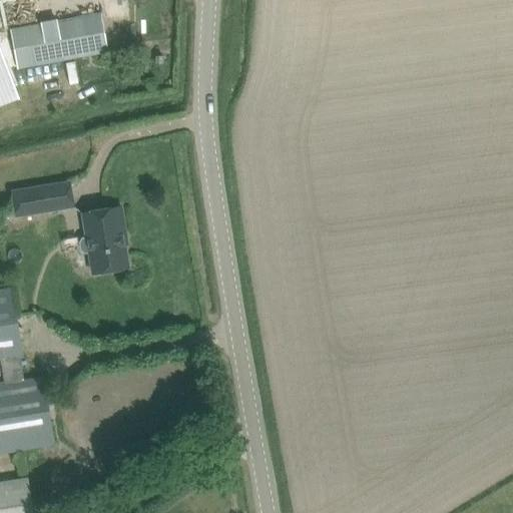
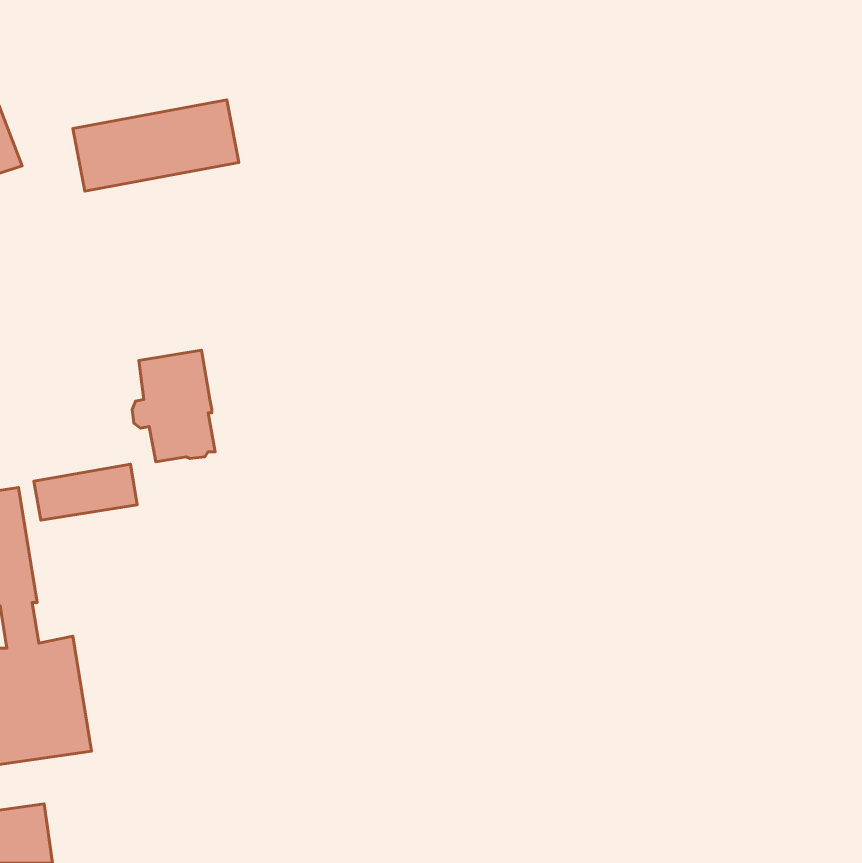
building: [8,12,106,66] -> [73,100,239,191]
building: [11,182,72,215] -> [34,464,137,520]

